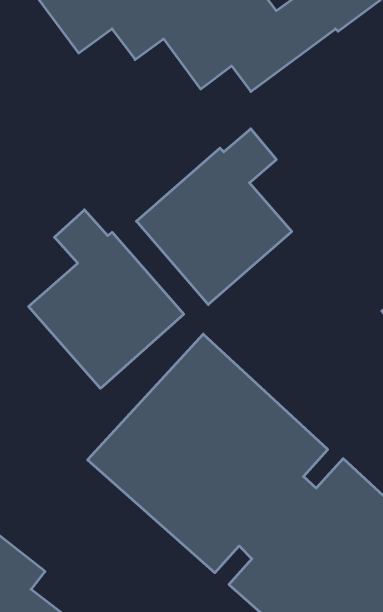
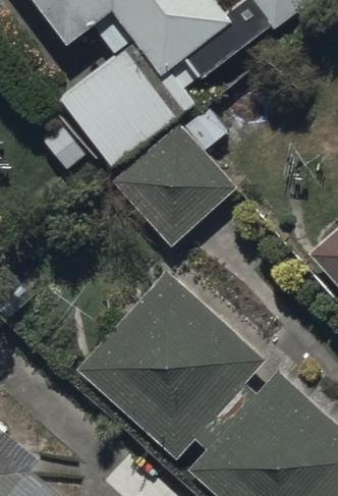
building: none -> [59,49,178,168]
building: [29,210,184,388] -> none

